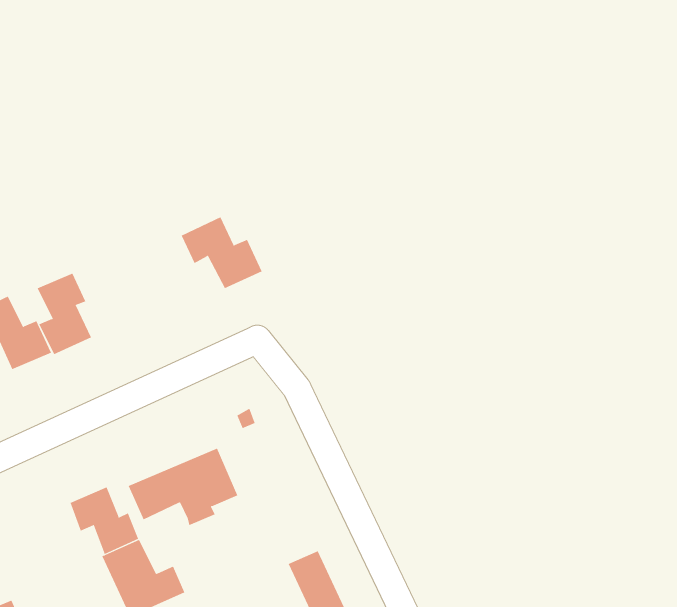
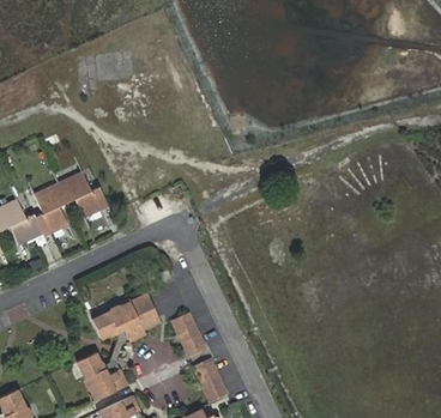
building: [181,216,263,289] -> [56,171,108,217]
building: none -> [170,313,206,357]
building: [70,487,139,555] -> none

